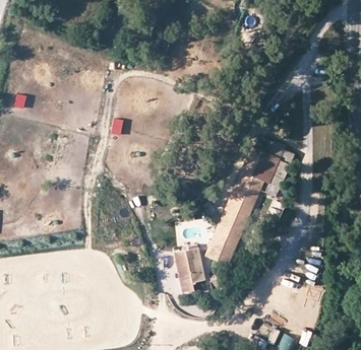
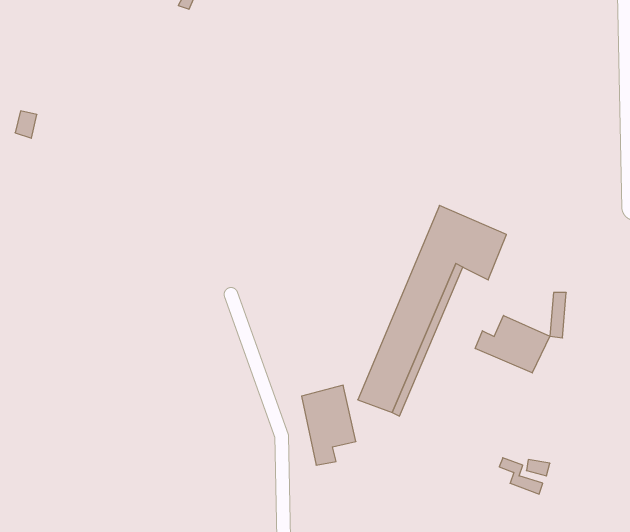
building: none -> [475,315,550,373]

